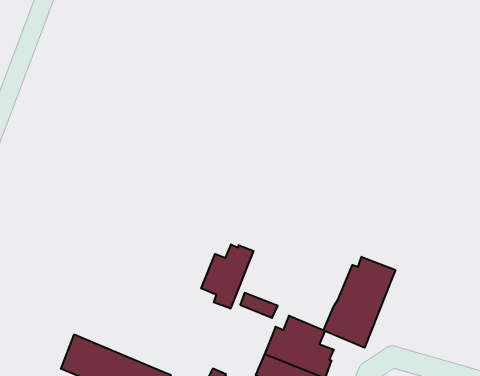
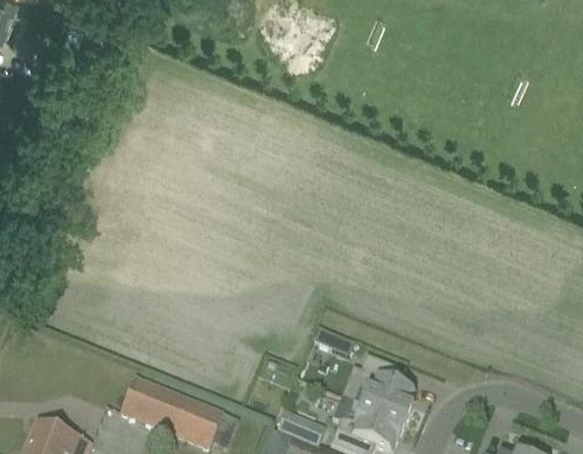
building: [201,244,254,309] -> none
building: [324,257,395,348] -> none

